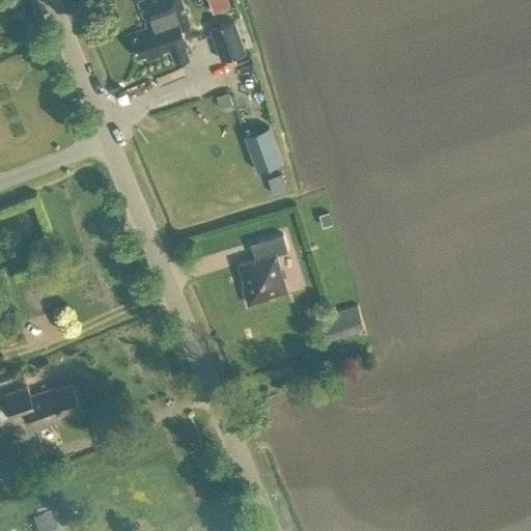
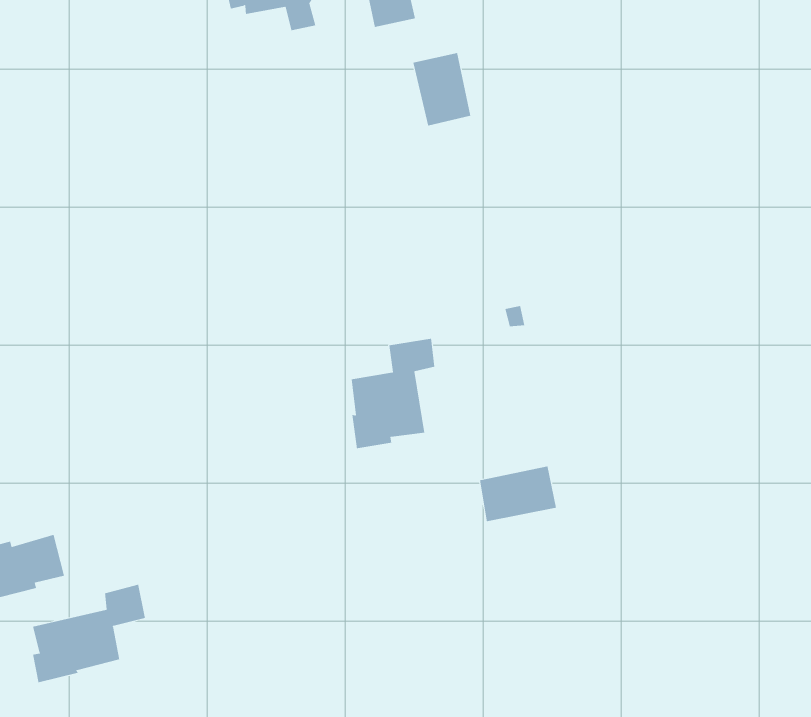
building: [245,127,283,172] -> [413,52,471,126]
building: none -> [33,584,146,683]

